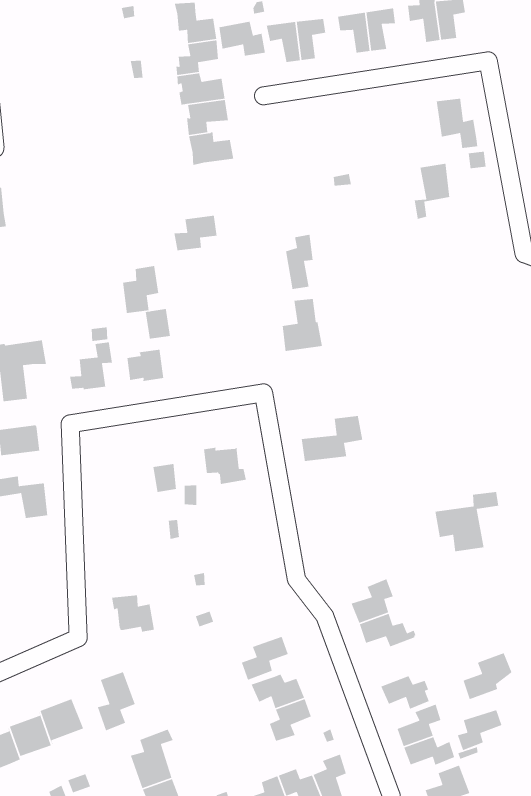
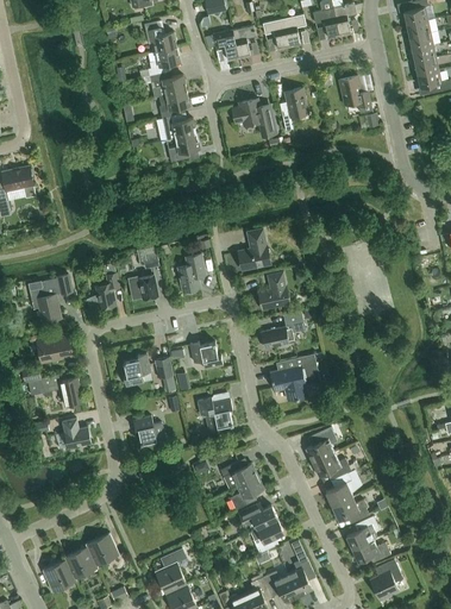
building: [219,21,266,56] -> none
building: none -> [231,99,275,136]
building: [414,163,450,220] -> [281,88,307,131]
building: [173,215,218,251] -> [167,133,199,162]
building: [285,234,314,290] -> none
building: [122,265,159,314] -> [177,255,205,291]
building: none -> [257,272,289,309]
building: none -> [123,353,150,387]
building: [435,491,499,552] -> [269,354,315,401]
building: none -> [196,395,232,432]
building: none -> [62,419,90,447]
building: [111,594,155,632] -> [132,416,165,444]
building: none -> [219,463,257,489]
building: [463,652,513,700] -> [325,470,361,507]
building: [97,671,136,731] -> none
building: [457,709,503,751] -> none

